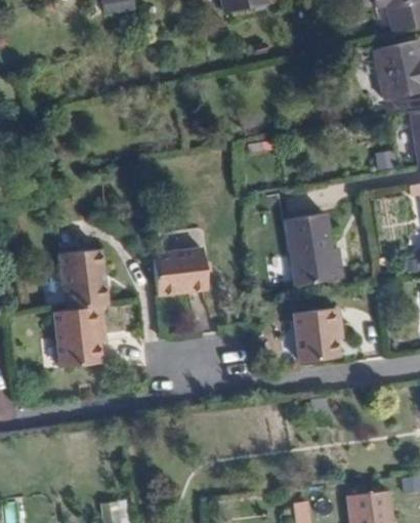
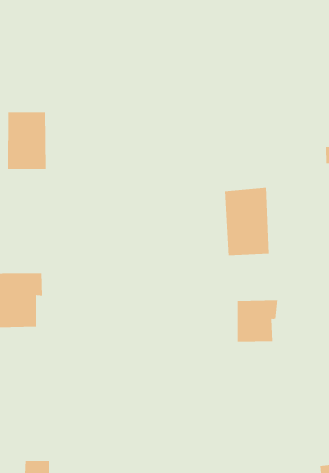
building: [64,248,109,311] -> [7,112,46,169]
building: [158,250,212,296] -> none

